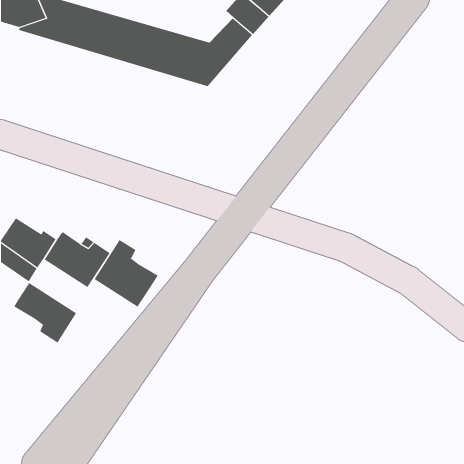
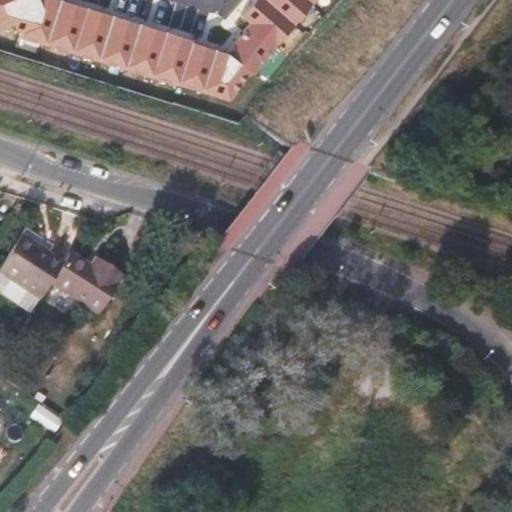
building: [94,239,158,308] -> none
building: [13,282,77,343] -> none

